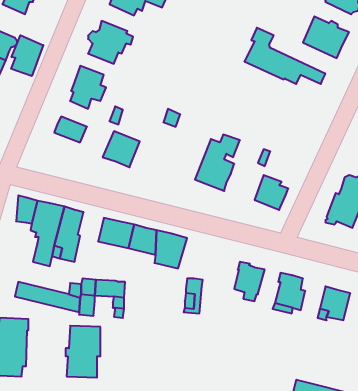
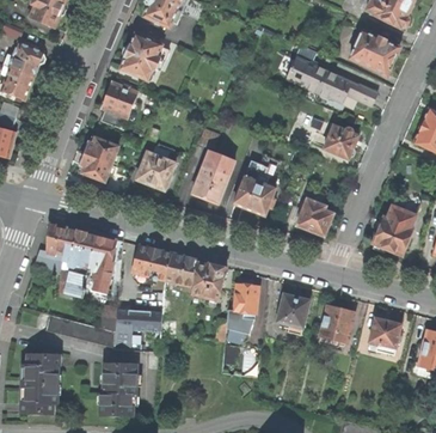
building: [11,35,43,76] -> none
building: none -> [325,126,358,159]
building: none -> [79,154,112,183]
building: none -> [194,154,234,205]
building: none -> [233,283,257,318]

